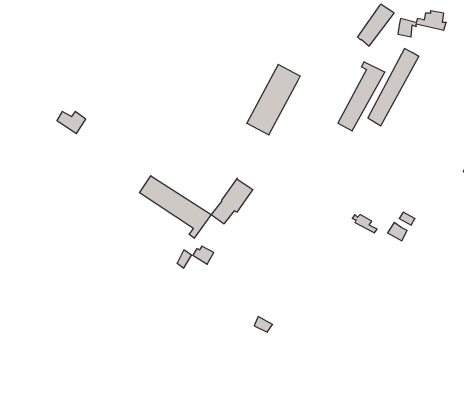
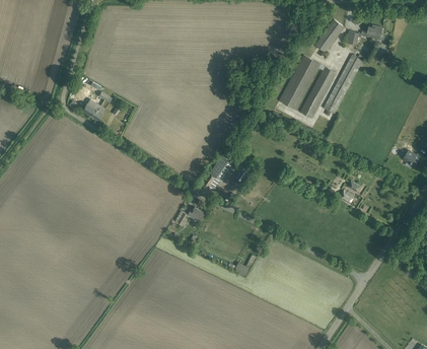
building: [247,64,300,135] -> [279,55,321,110]
building: [139,176,211,238] -> none

